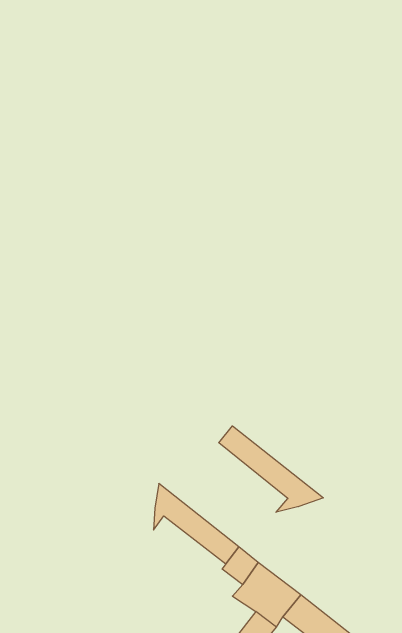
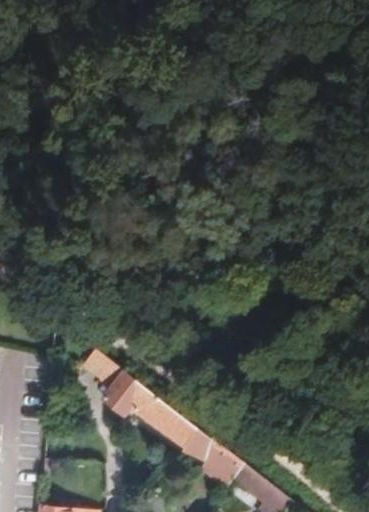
building: none -> [70,335,151,430]
building: [219,426,323,512] -> none

